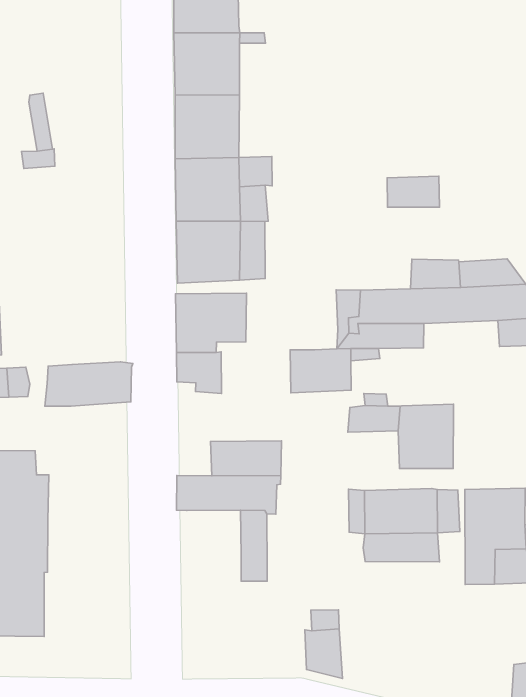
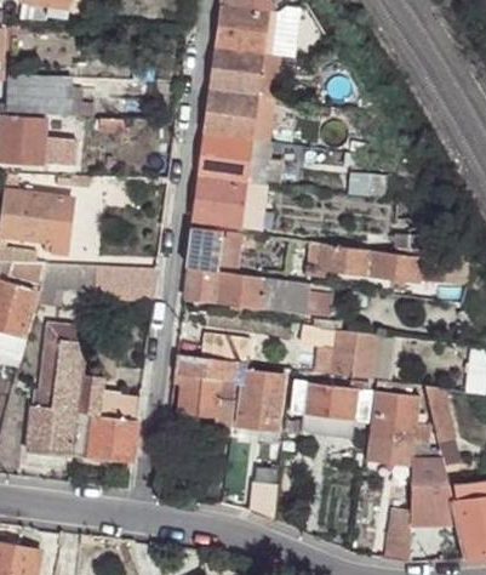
building: none -> [216,275,268,311]
building: none -> [239,374,285,434]
building: none -> [177,383,218,420]
building: none -> [73,377,141,465]

